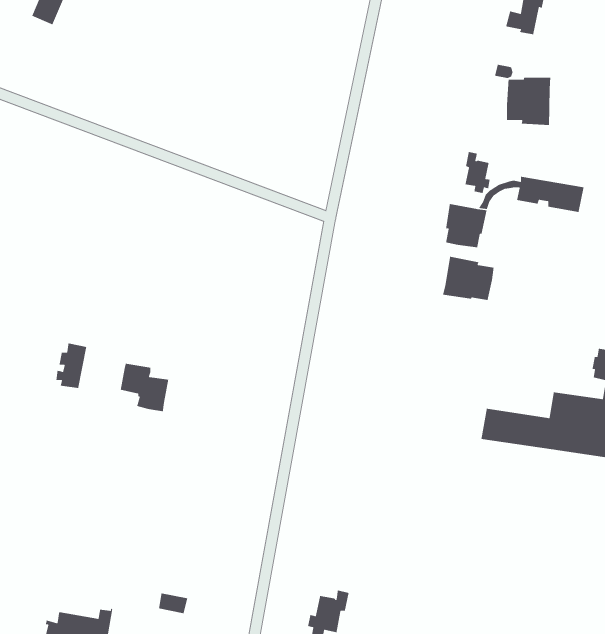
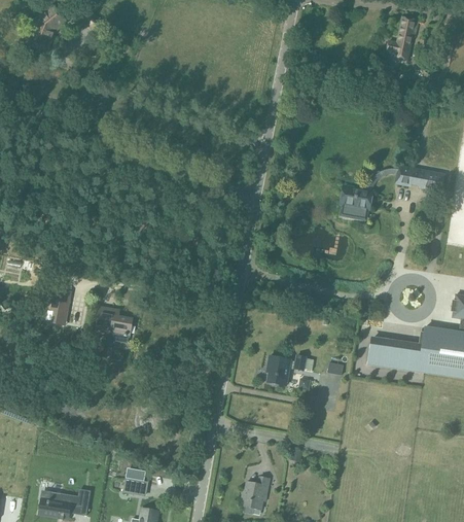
building: [506,77,551,126] -> none
building: [465,151,491,194] -> none
building: [442,256,495,301] -> none
building: none -> [267,353,315,384]

